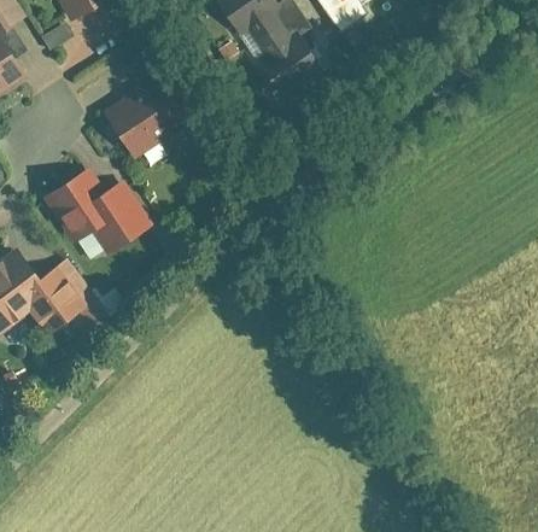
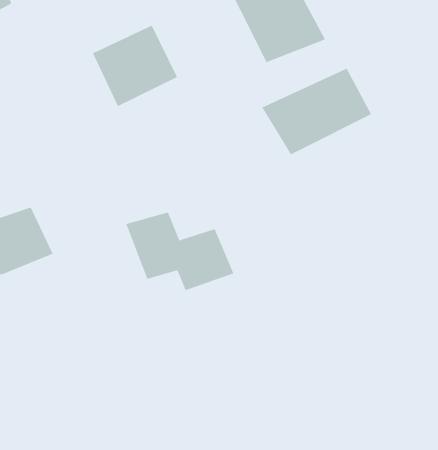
building: none -> [262,68,372,155]
building: [39,174,150,247] -> [125,212,234,291]

